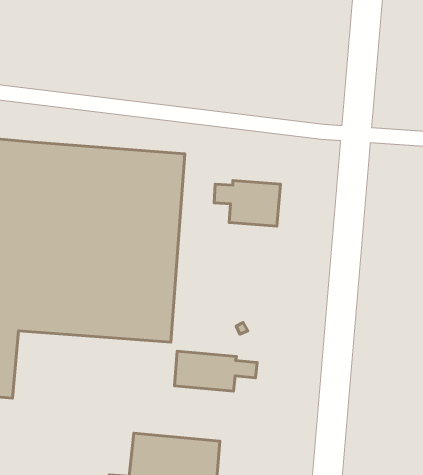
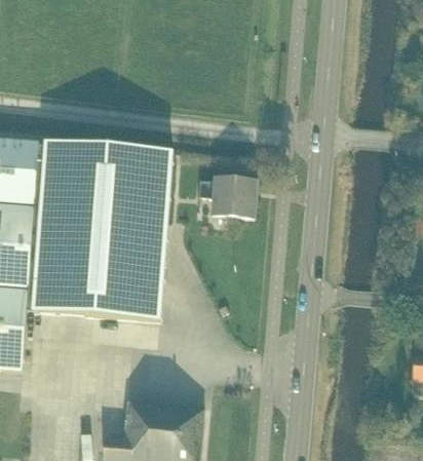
building: [175,351,257,391] -> none

